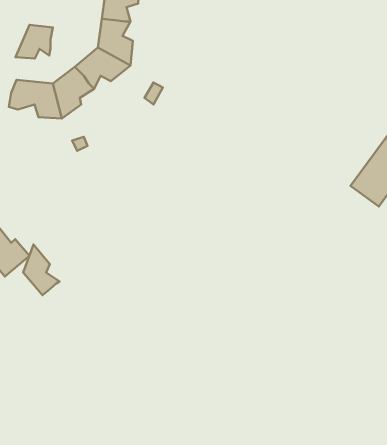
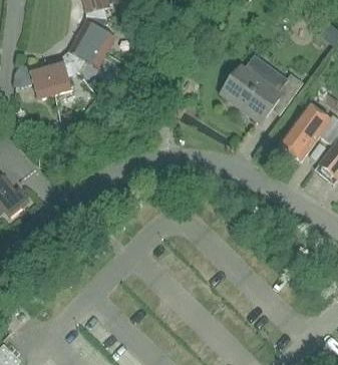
building: [16,25,53,59] -> none
building: none -> [221,59,300,125]
building: [23,245,60,295] -> none

